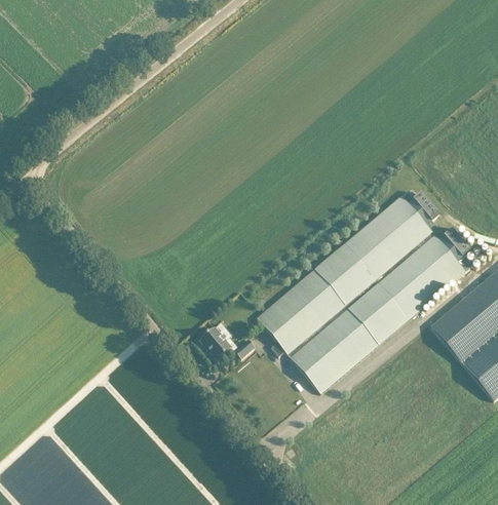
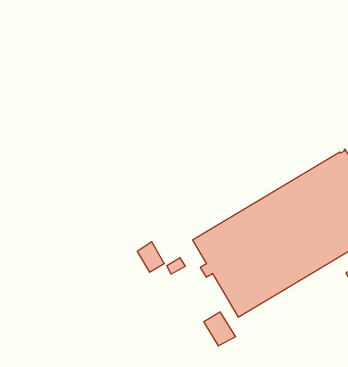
building: none -> [204,312,236,346]

